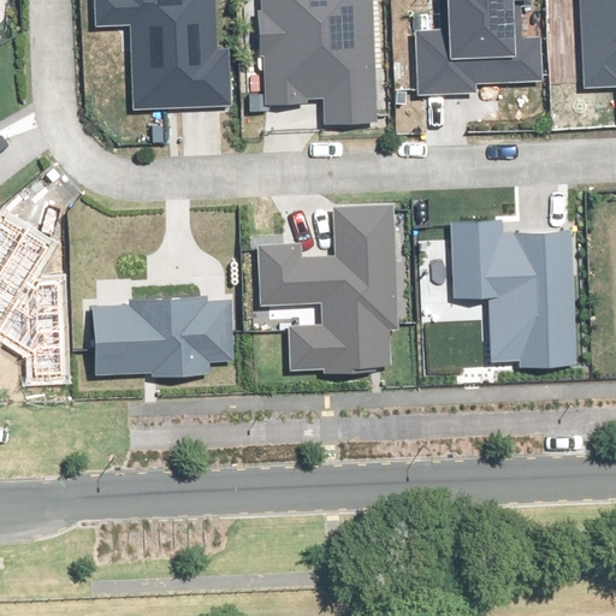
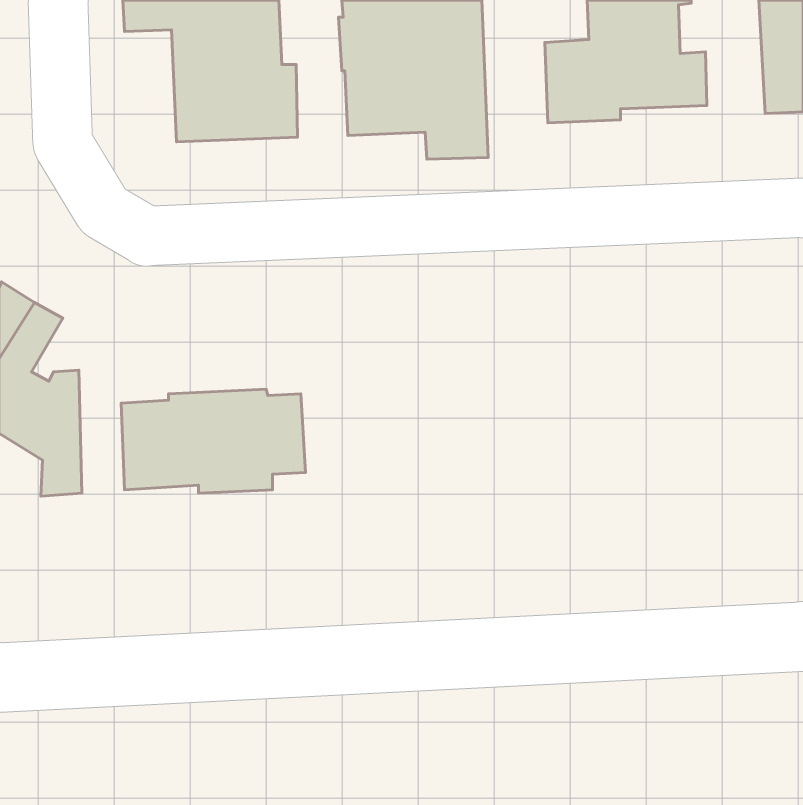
building: [255,208,395,371] -> none
building: [452,221,575,367] -> none

